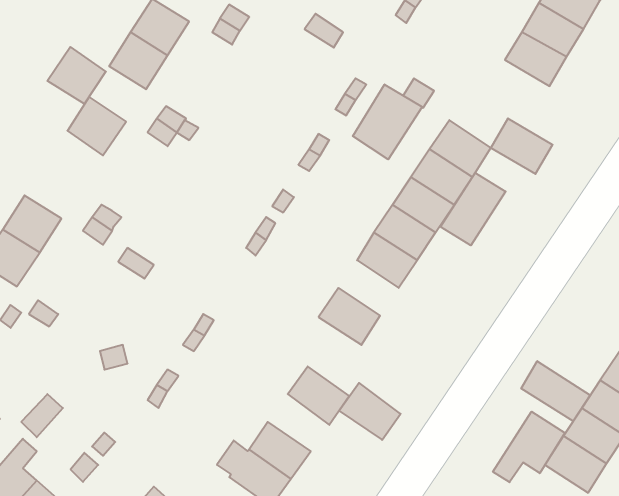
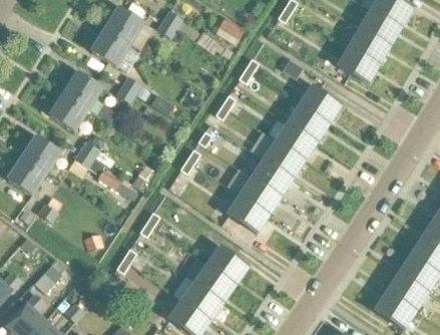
building: [47,47,106,104] -> [49,92,87,129]
building: [353,84,422,159] -> none
building: [491,118,553,174] -> [338,46,378,82]
building: [441,173,506,245] -> none
building: none -> [241,177,280,213]
building: [521,361,590,421] -> none
building: [339,383,401,440] -> [194,264,235,301]
building: [493,412,565,482] -> none

